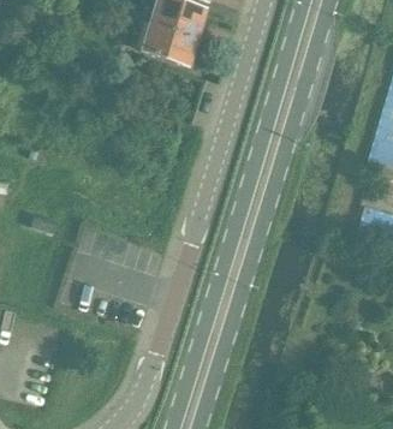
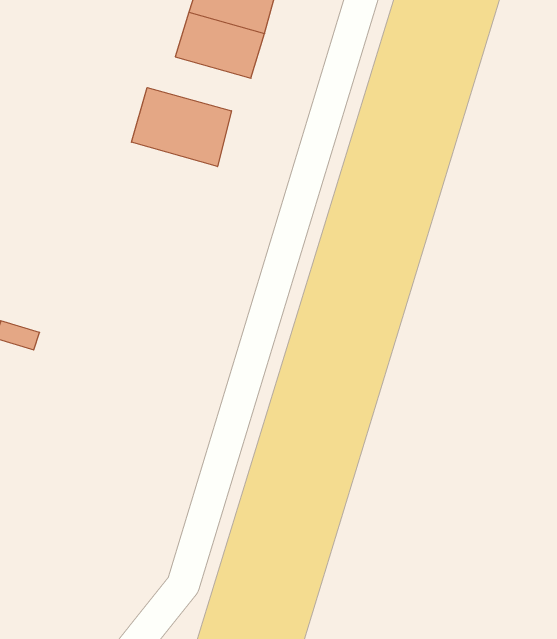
building: none -> [131,88,231,167]

